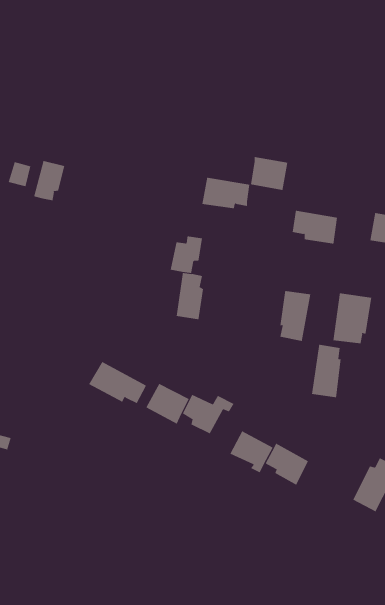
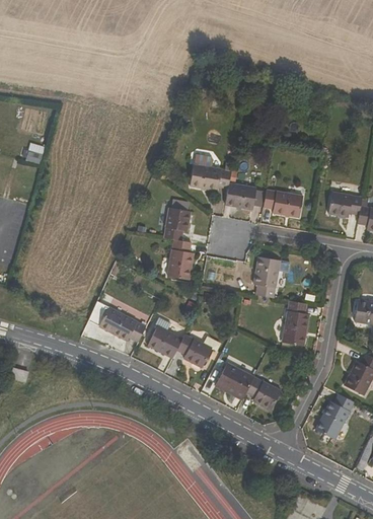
building: [250,157,288,191] -> [226,178,257,207]
building: [33,160,65,201] -> none
building: [333,293,372,344] -> none

